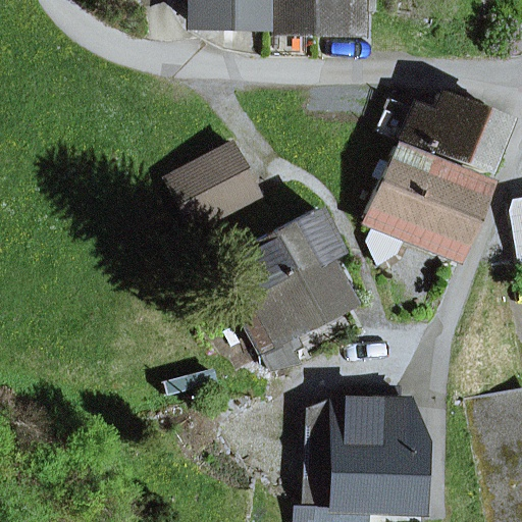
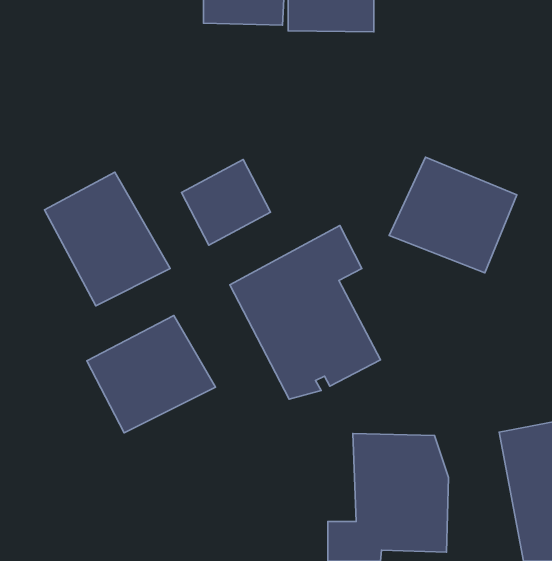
building: [383,95,510,173] -> none
building: none -> [45,172,170,306]
building: none -> [87,316,215,433]

